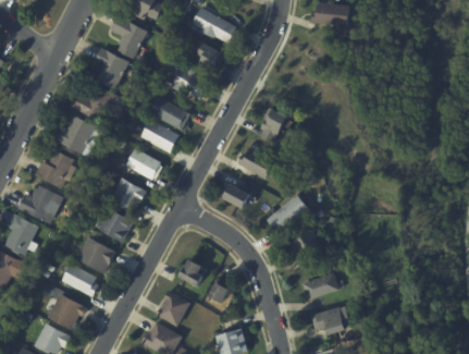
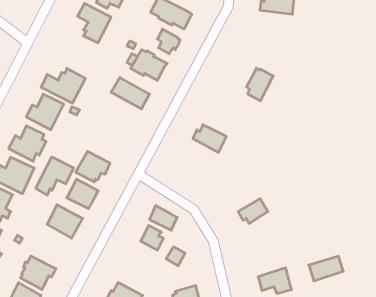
building: [91,46,128,88] -> none
building: [258,106,287,142] -> [247,68,273,101]
building: [139,118,178,151] -> none
building: [125,147,162,179] -> none
building: [220,181,250,208] -> [150,206,177,230]
building: none -> [36,157,74,195]
building: [266,193,309,234] -> none
building: [61,263,98,296] -> none
building: [300,272,338,300] -> [309,256,343,281]
building: [156,289,189,326] -> none

